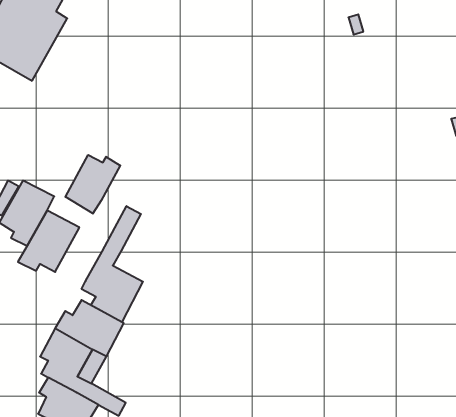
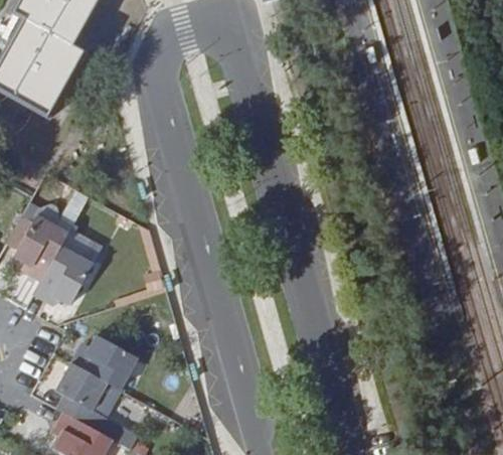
building: [65,155,120,214] -> none
building: [82,206,143,322] -> none

